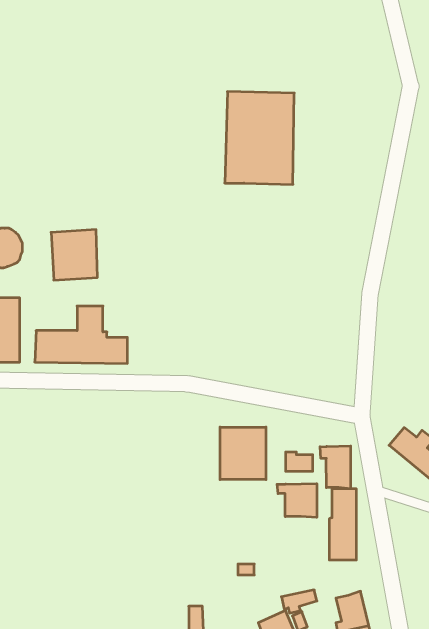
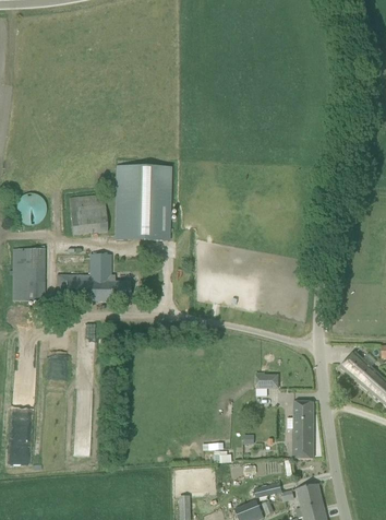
building: [225,92,294,184] -> [116,165,171,239]
building: [220,427,266,480] -> none
building: [320,446,351,489] -> none
building: [277,484,317,517] -> none

